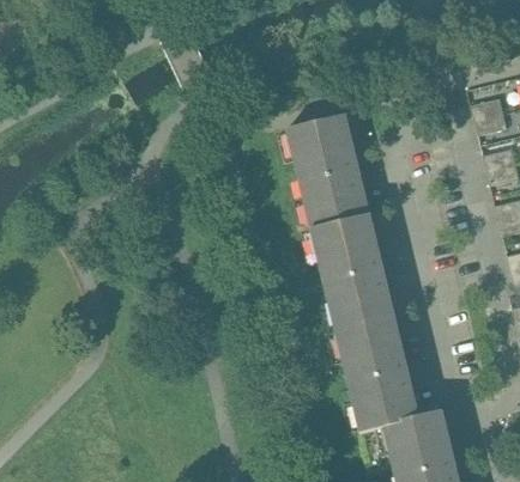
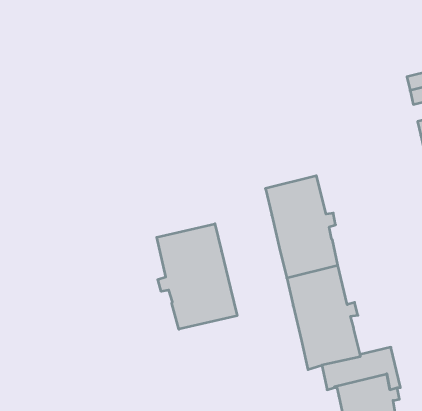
building: [286,115,369,231] -> none
building: none -> [157,224,237,329]

